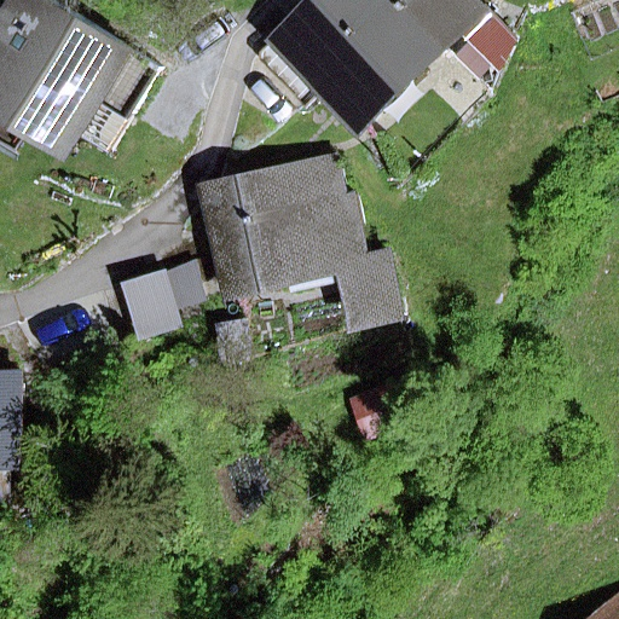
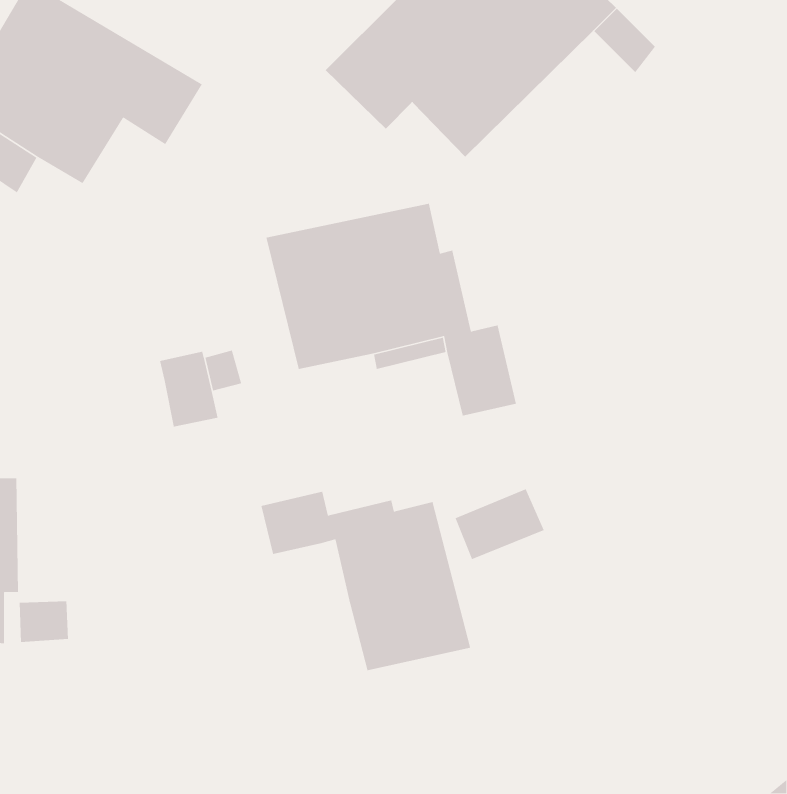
building: none -> [261,491,471,671]

